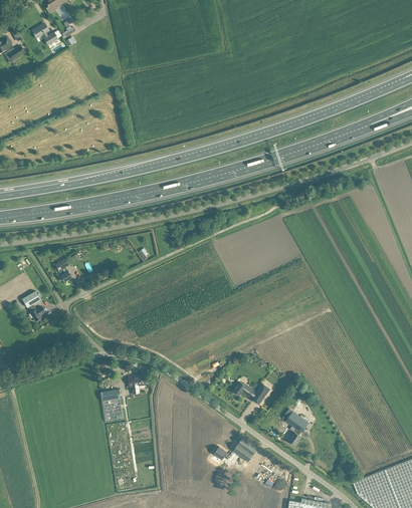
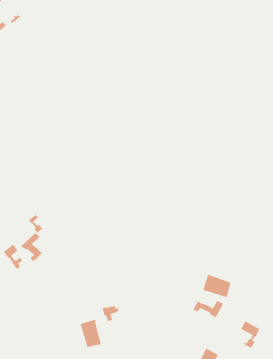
building: none -> [20,232,43,262]
building: none -> [202,274,232,298]

